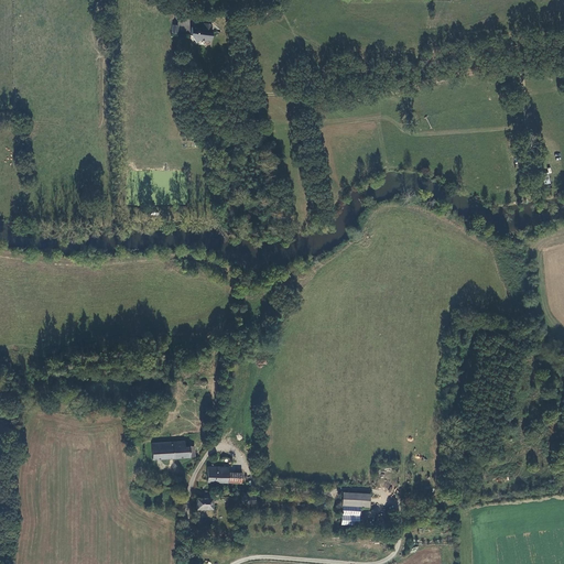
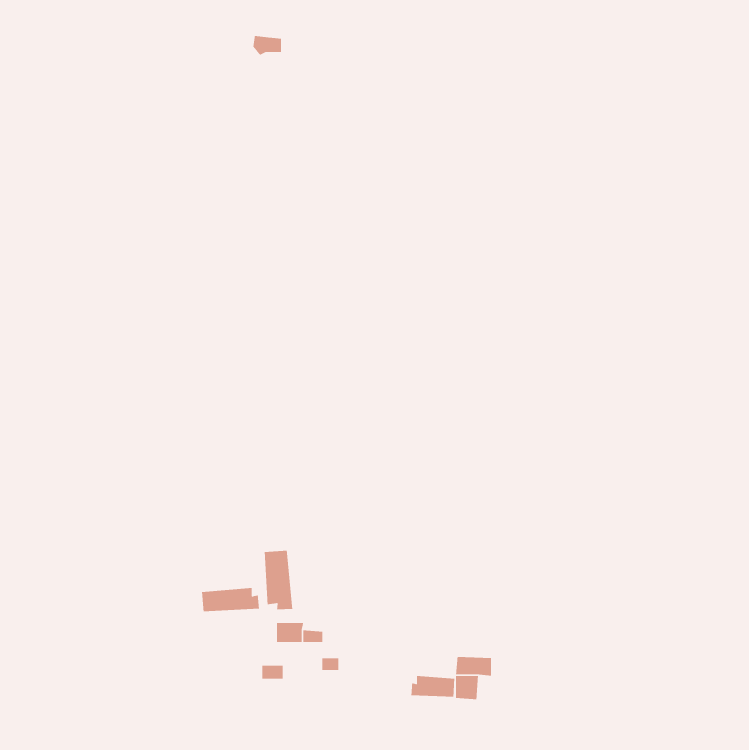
building: none -> [264,550,293,610]
building: none -> [411,675,455,697]

